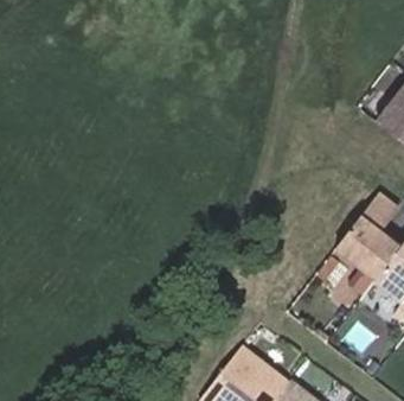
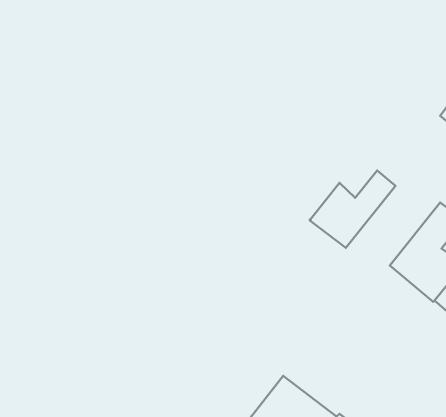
building: none -> [310,171,395,248]

